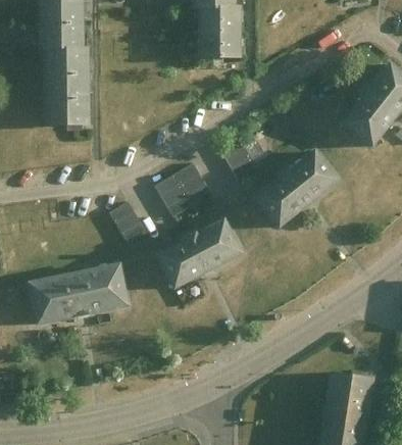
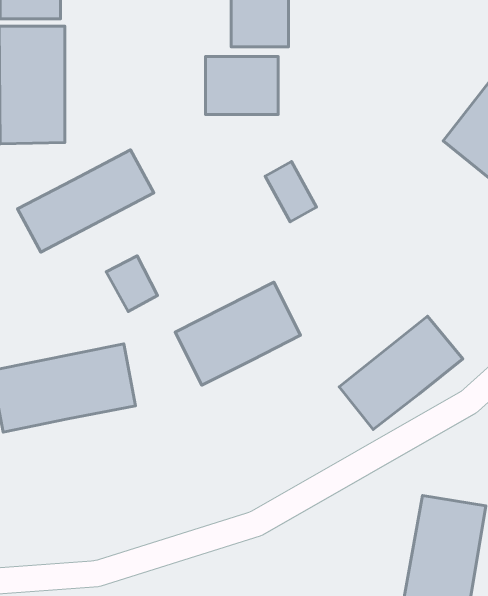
building: none -> [206,56,278,115]
building: none -> [18,150,154,252]
building: [259,149,345,228] -> [339,316,463,429]
building: [159,161,214,212] -> none

